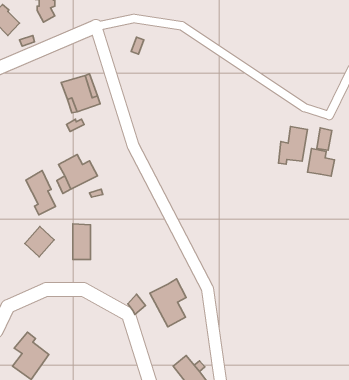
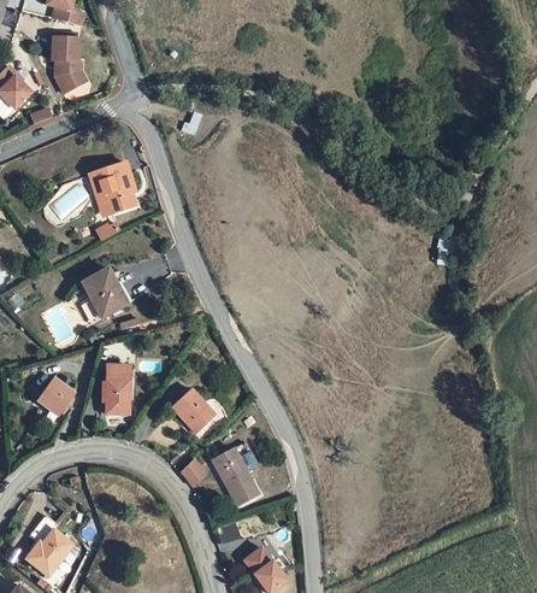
building: [278,127,308,164] -> none
building: [307,149,335,176] -> none
building: [26,171,56,215] -> none
building: none -> [169,388,216,435]

